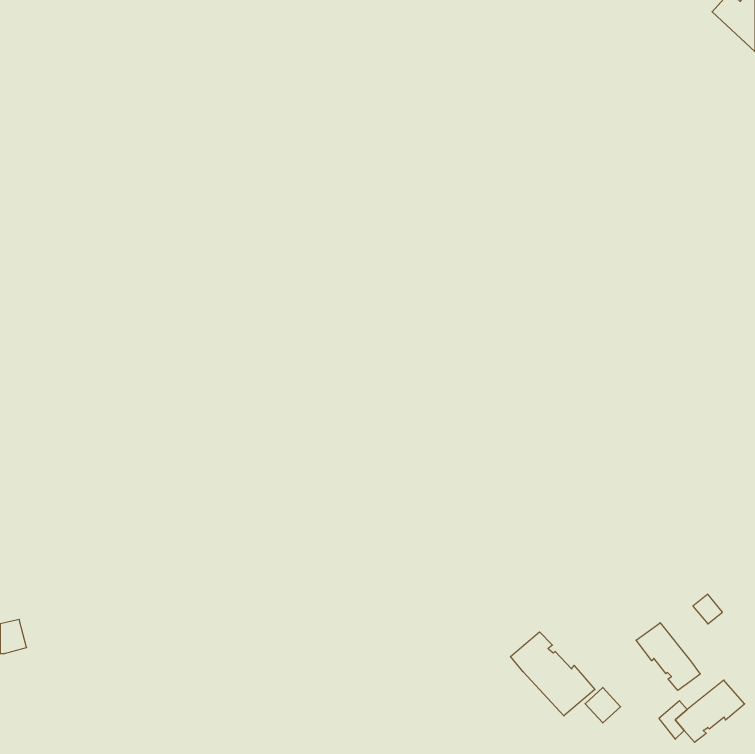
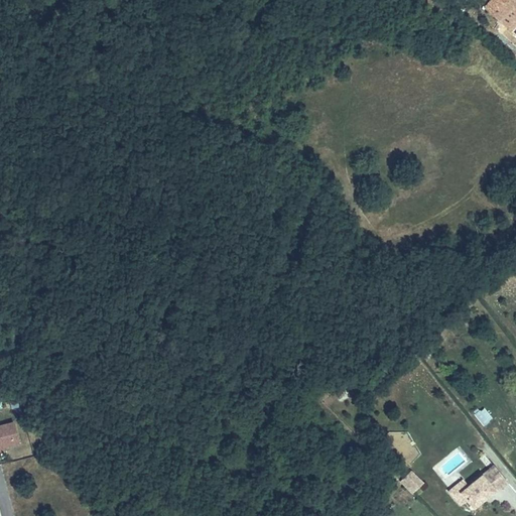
building: [636,623,700,690] -> none
building: [510,632,595,716] -> none

